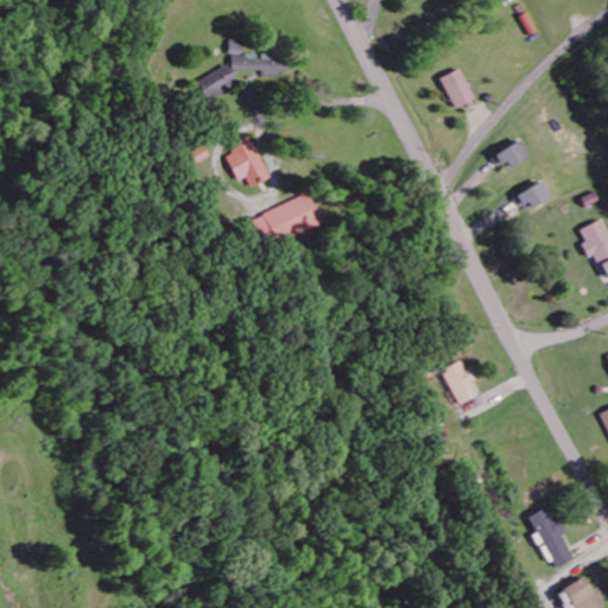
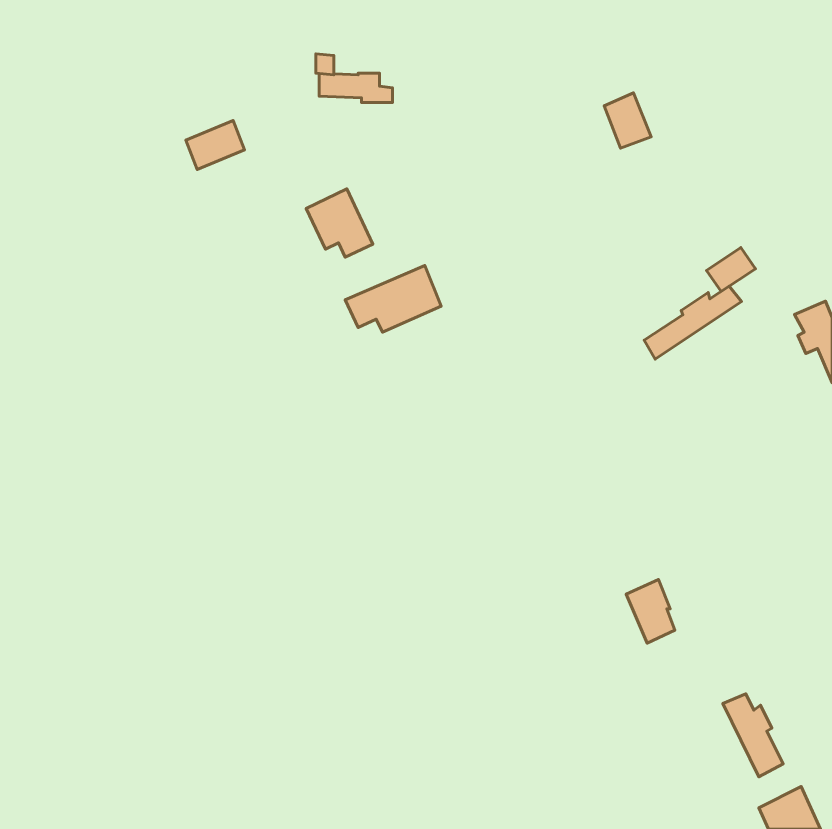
building: [196,65,239,101] -> [186,121,244,169]
building: [494,140,530,172] -> none
building: none -> [644,286,741,359]
building: [439,357,475,404] -> [626,580,675,643]

